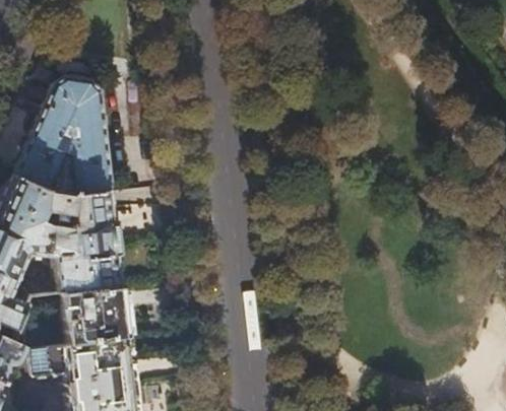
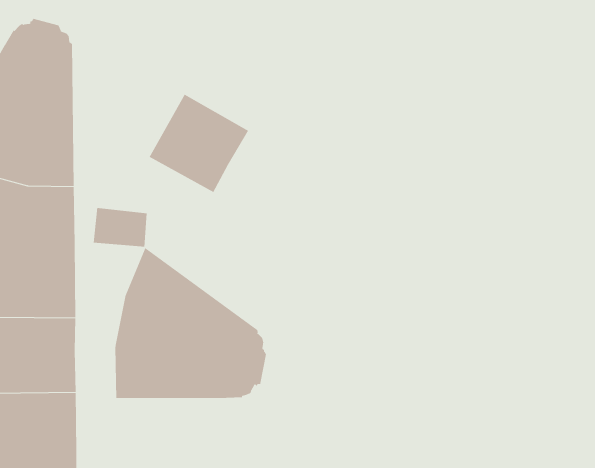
building: none -> [149,94,249,193]
building: none -> [115,247,267,399]

